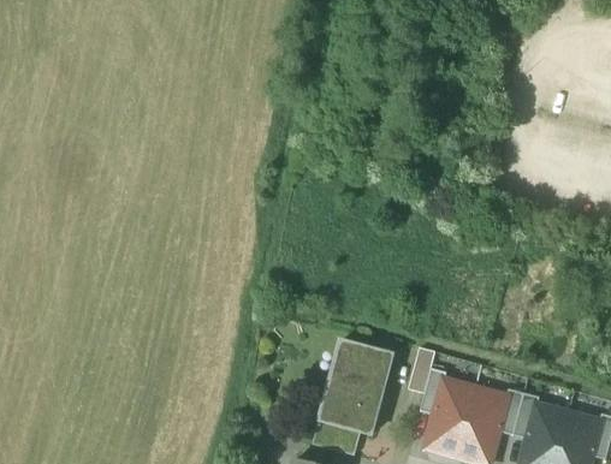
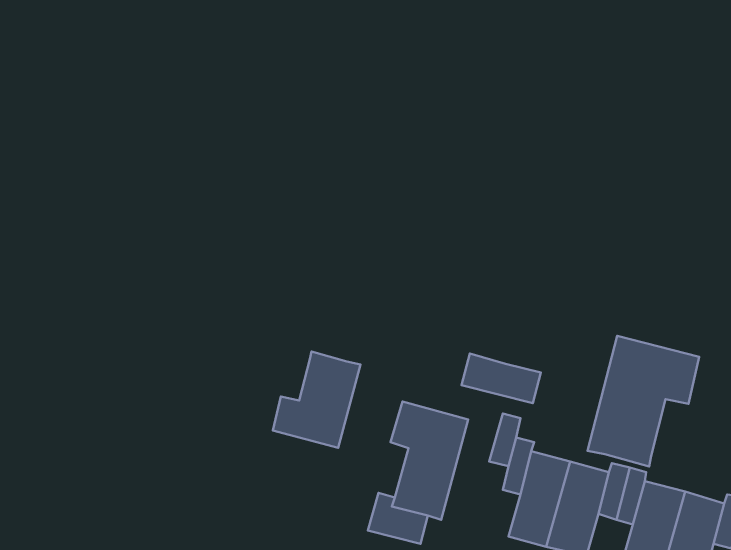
building: none -> [588,336,699,466]
building: none -> [273,352,361,448]
building: none -> [461,353,541,403]

